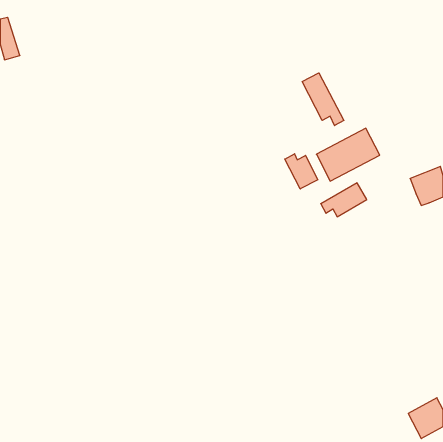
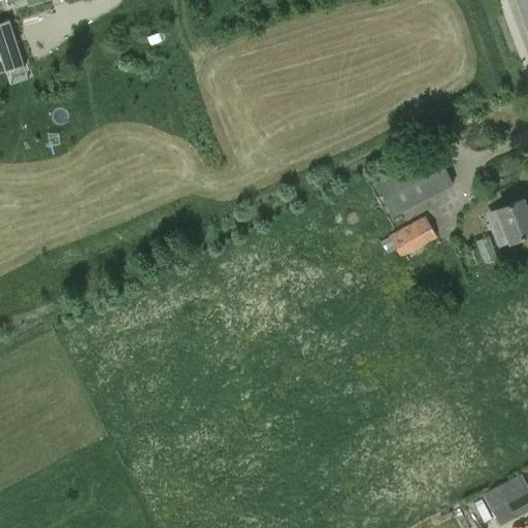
building: [302,73,344,126] -> none
building: [285,154,318,189] -> none

